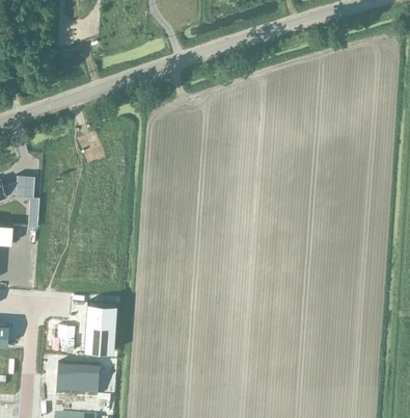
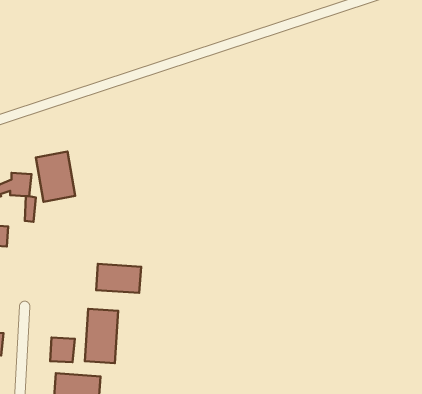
building: none -> [36,152,75,202]
building: none -> [96,264,141,293]

